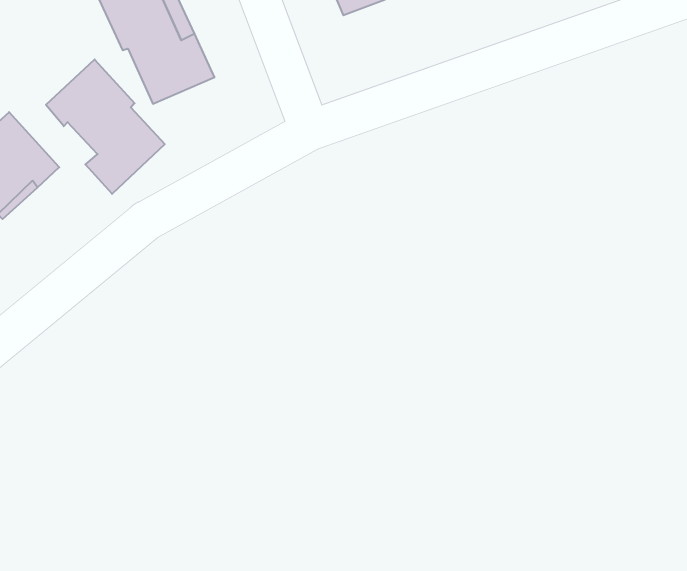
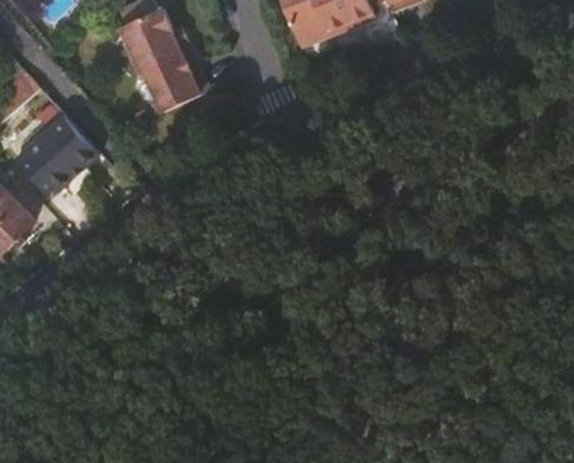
building: [46,59,165,194] -> none

